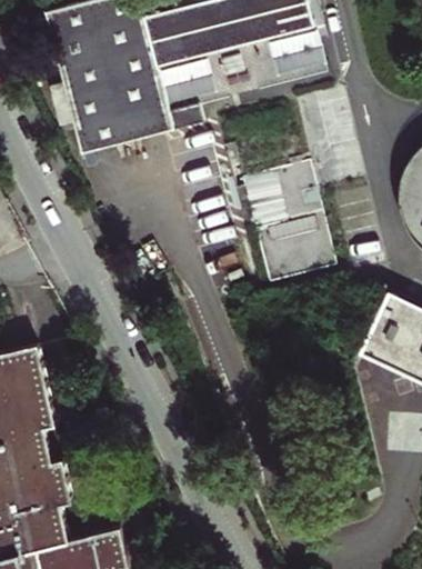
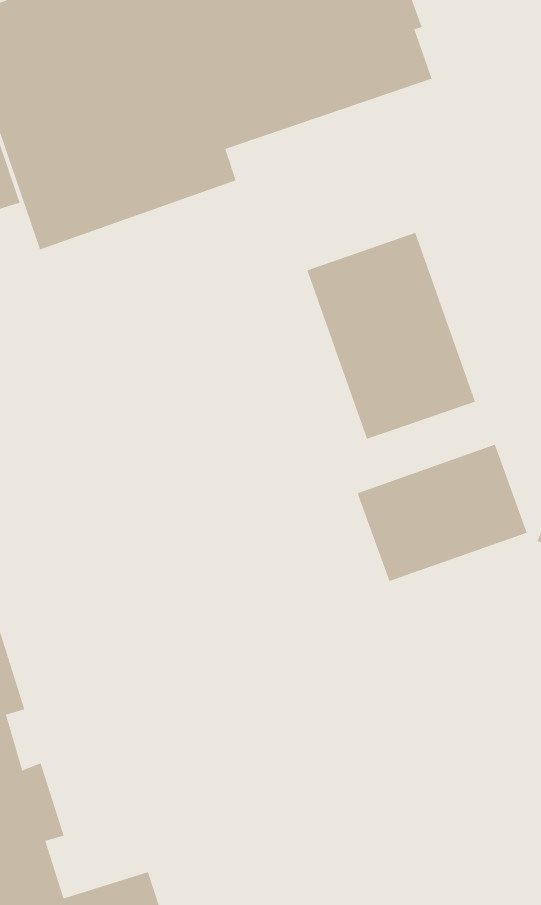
building: none -> [357,444,527,582]

